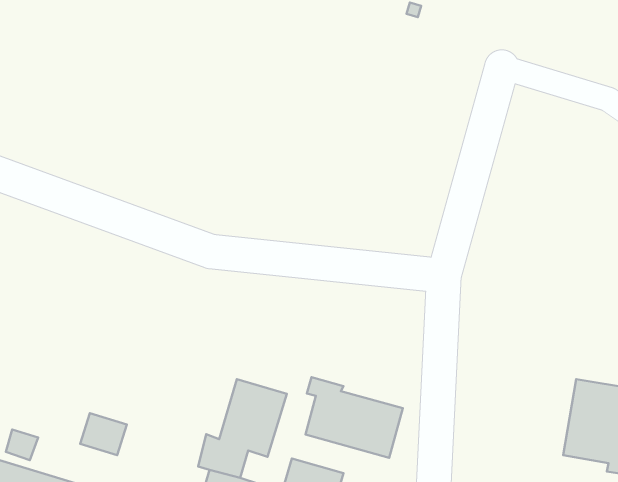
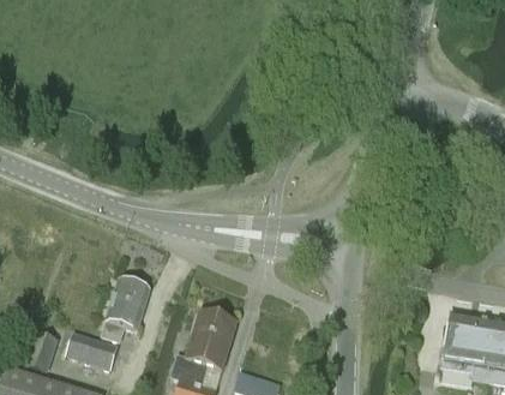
building: none -> [101,277,149,339]
building: [306,377,403,458] -> none

